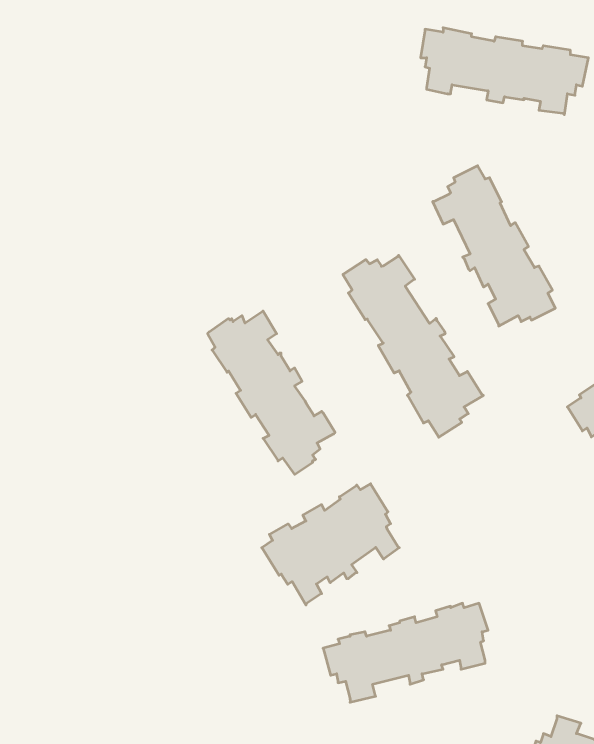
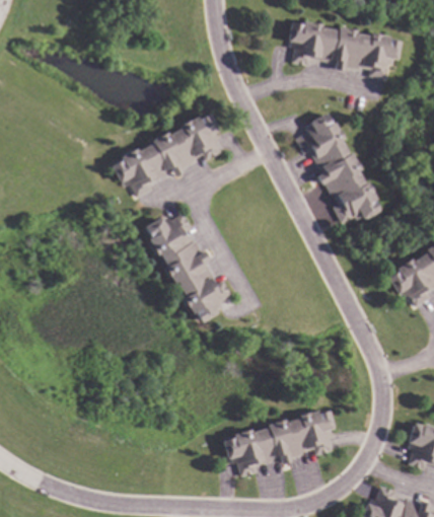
building: none -> [110,113,221,196]
building: [343,255,483,437] -> none
building: [262,484,399,605] -> none

